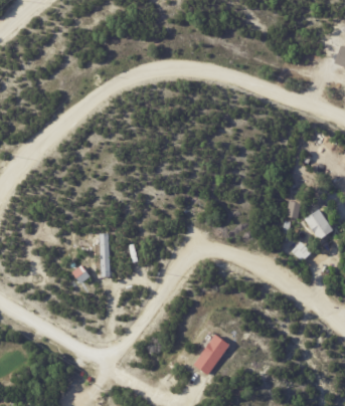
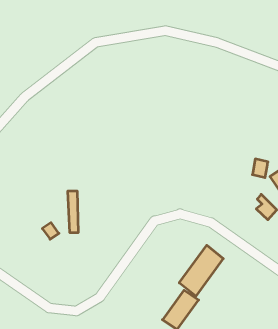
building: none -> [179,245,223,296]

